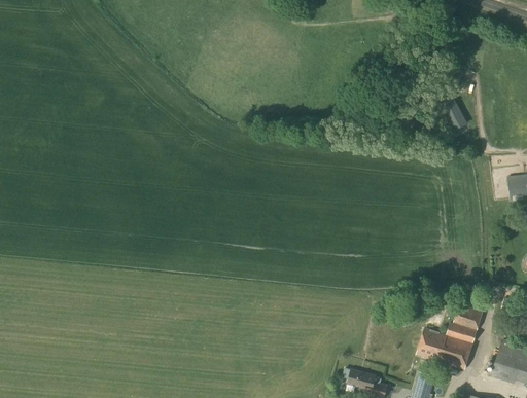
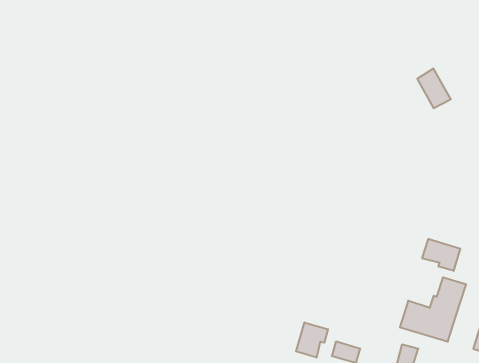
building: none -> [422,239,460,271]
building: none -> [296,322,328,358]

